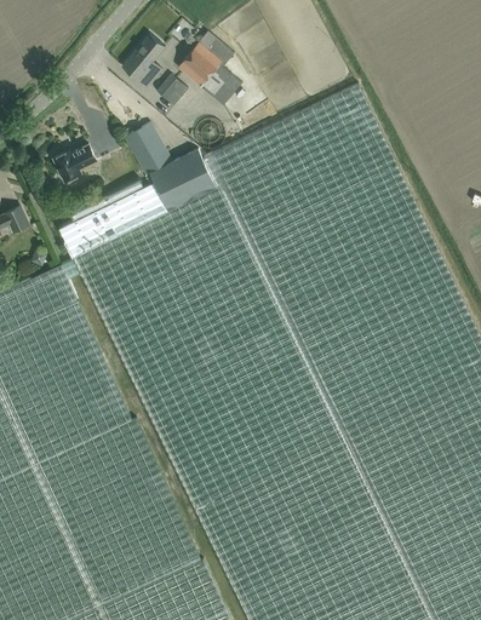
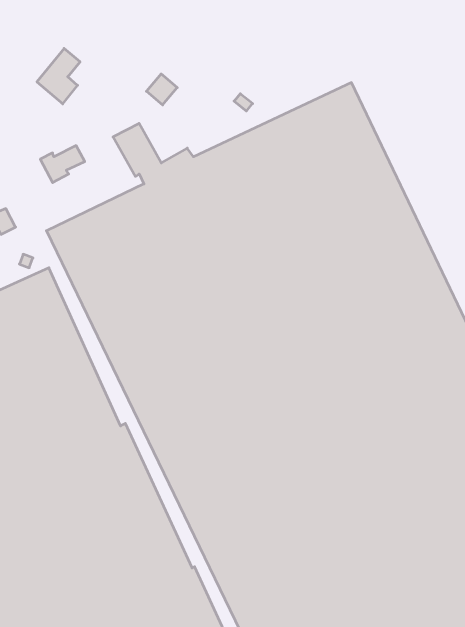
building: [178,30,242,104] -> none
building: [122,33,165,87] -> [37,48,80,104]

